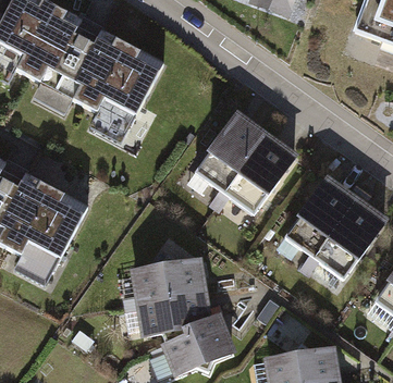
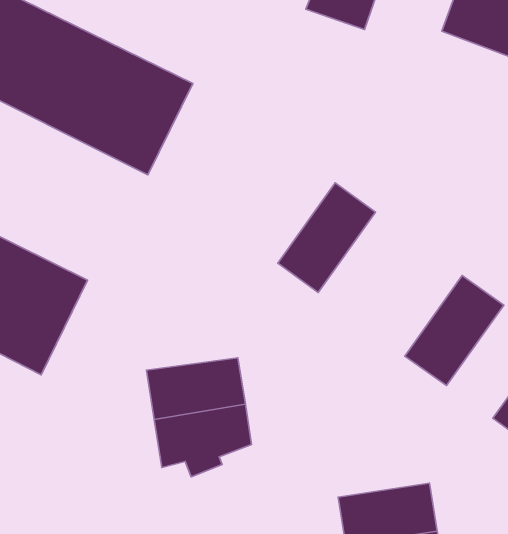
building: [196,114,266,192] -> none
building: [286,180,355,257] -> none
building: [164,316,231,372] -> none

